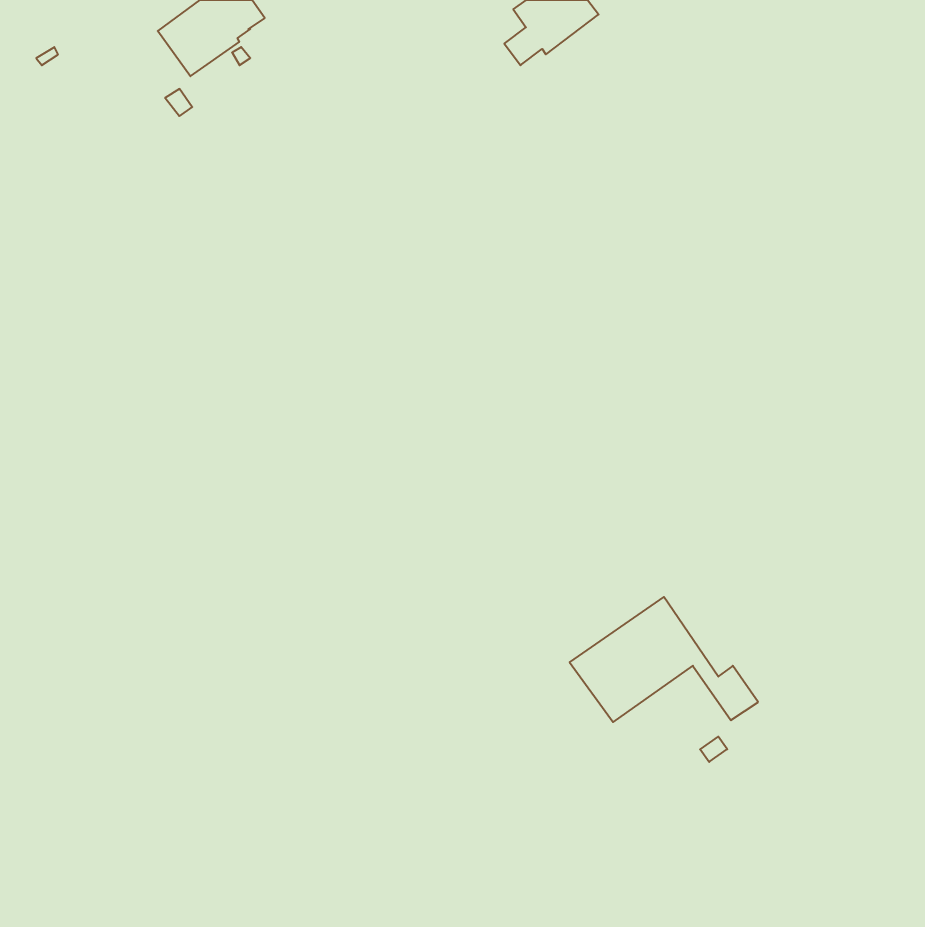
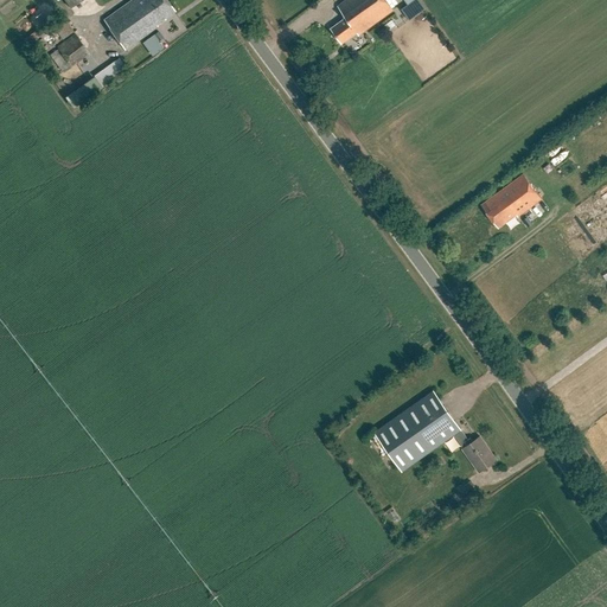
building: none -> [49,34,88,74]
building: none -> [480,173,541,228]

